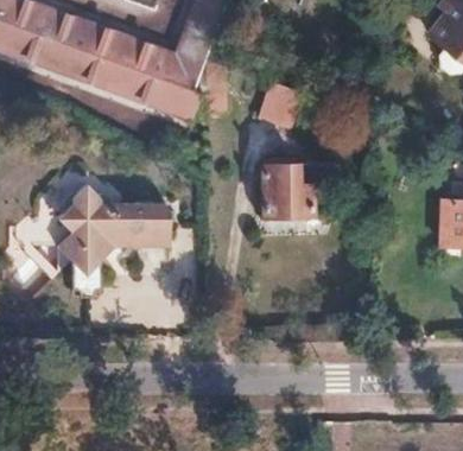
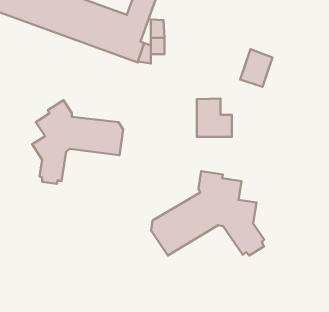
building: [259,82,300,131] -> [240,49,272,87]
building: none -> [151,171,264,255]

